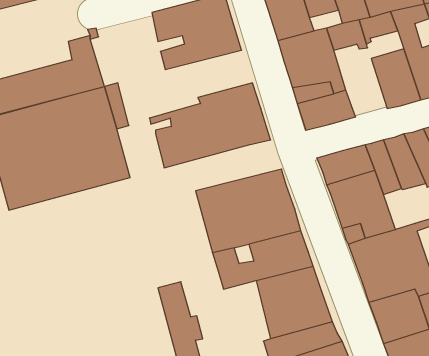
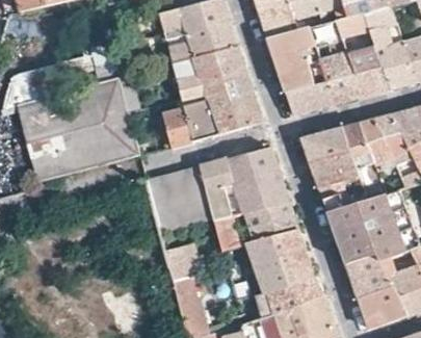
building: none -> [172,46,246,98]
building: none -> [320,53,362,103]
building: none -> [147,166,212,233]

